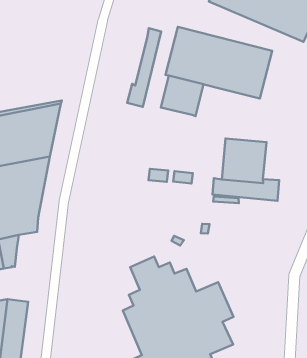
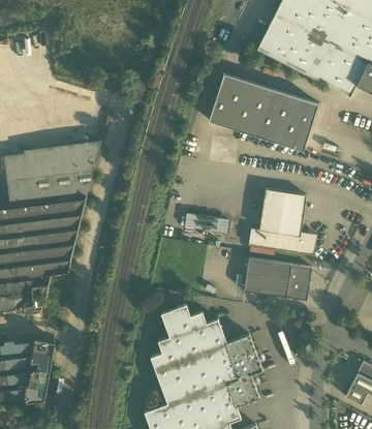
building: [127,28,161,107] -> none
building: [161,76,203,116] -> none
building: none -> [244,258,312,301]

